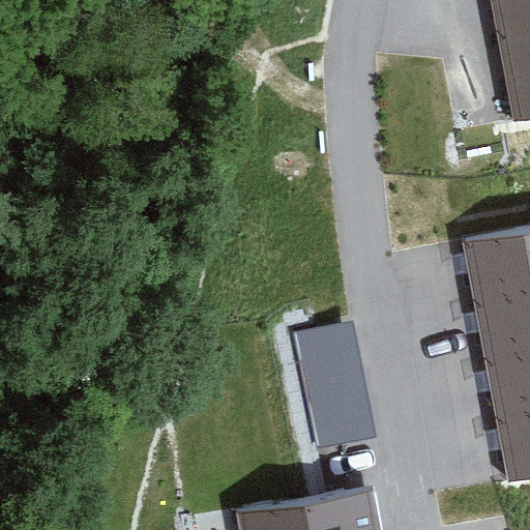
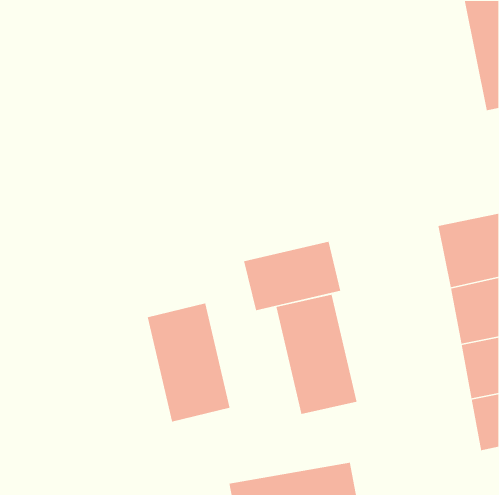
building: none -> [243,241,341,311]
building: none -> [147,303,230,422]

